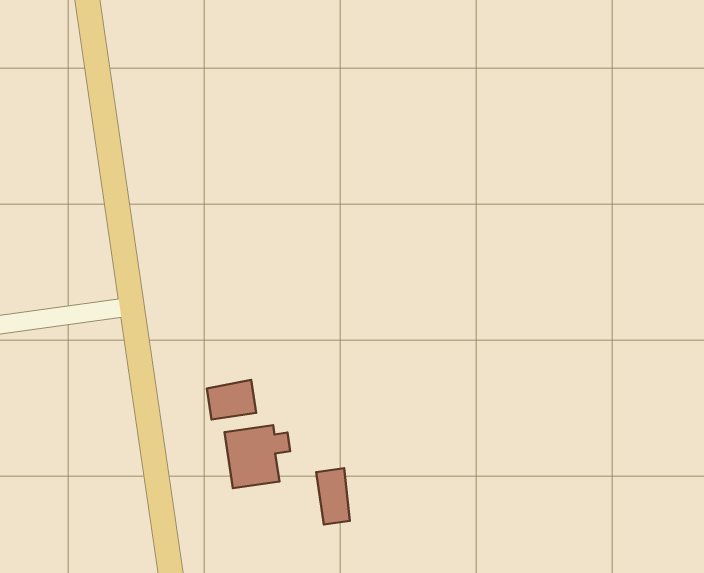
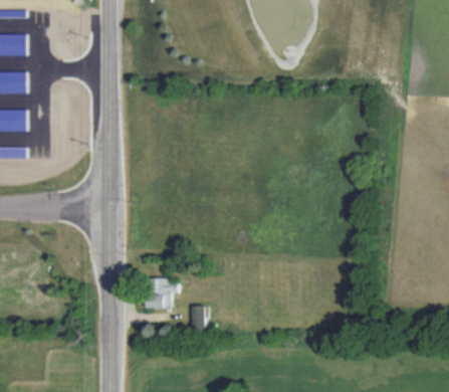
building: [207,380,256,419] -> none

